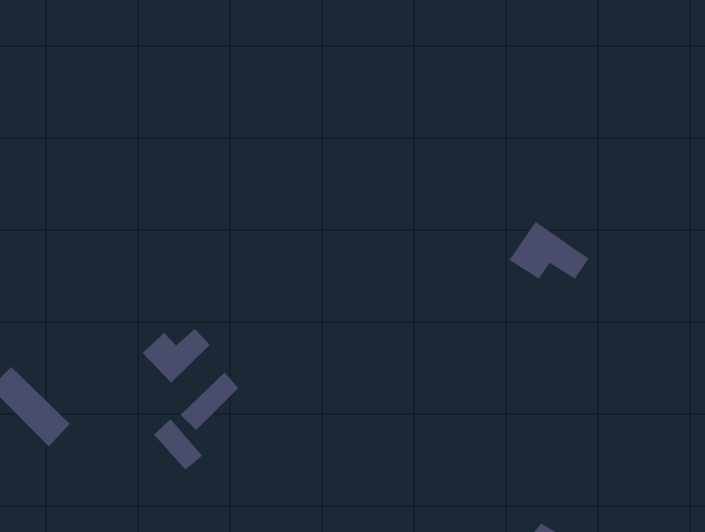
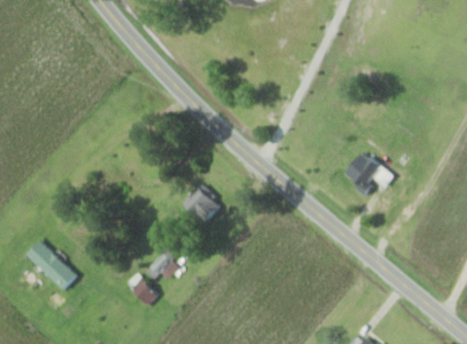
building: none -> [182,186,221,226]
building: [142,328,210,384] -> none

